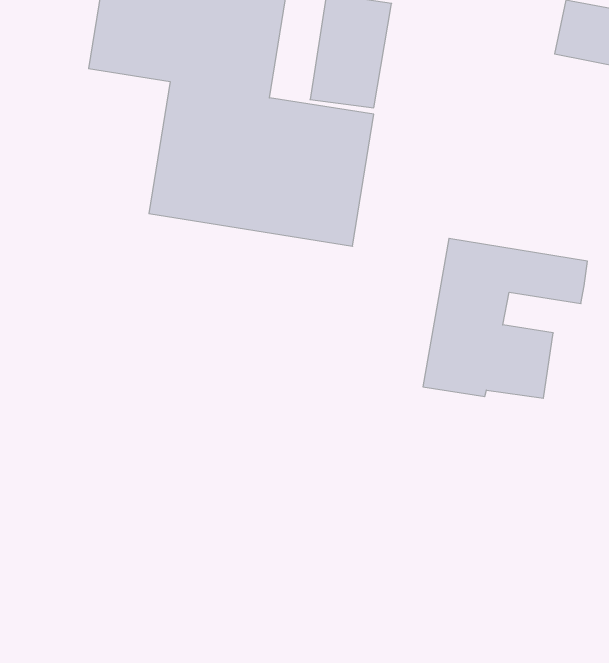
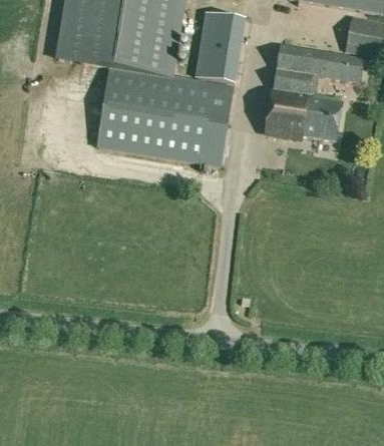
building: [423,238,587,398] -> [264,42,365,140]

